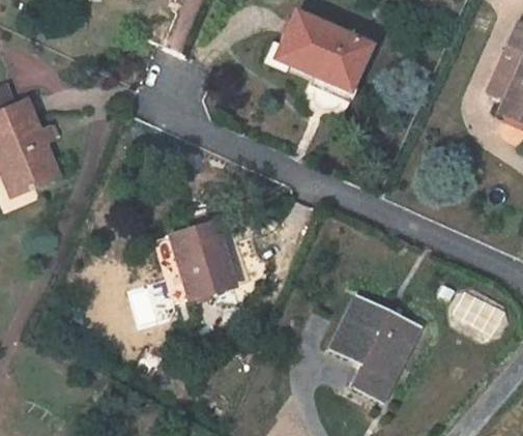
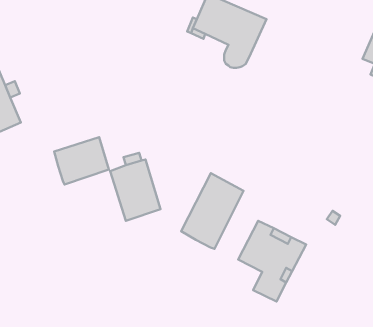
building: none -> [54,137,109,184]
building: none -> [181,173,243,249]

